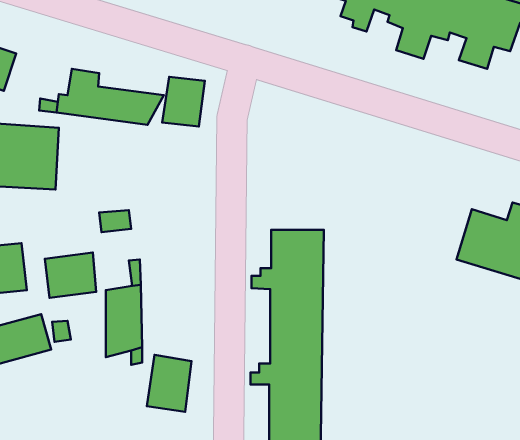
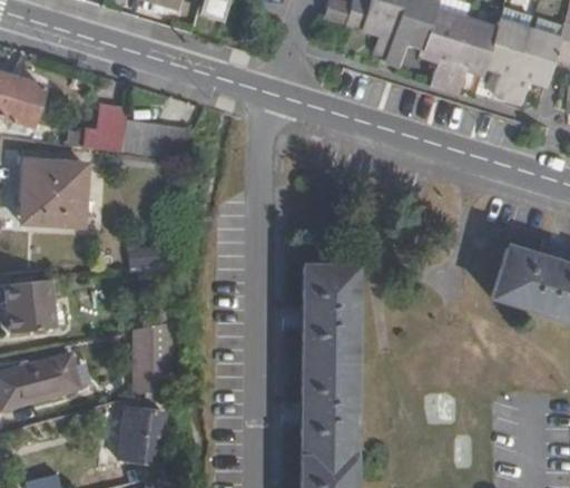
building: [162,77,205,127] -> none
building: [45,253,96,298] -> none
building: [147,355,192,412] -> [119,406,165,463]

